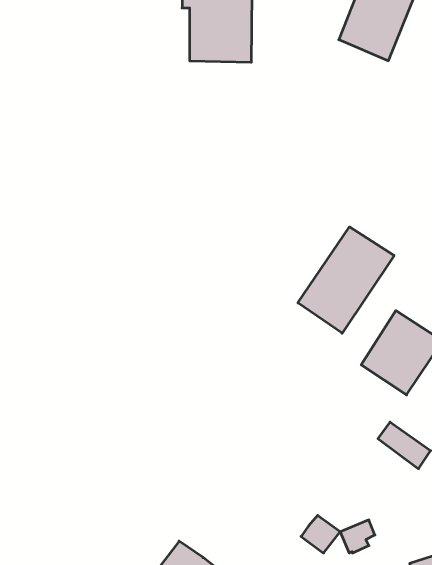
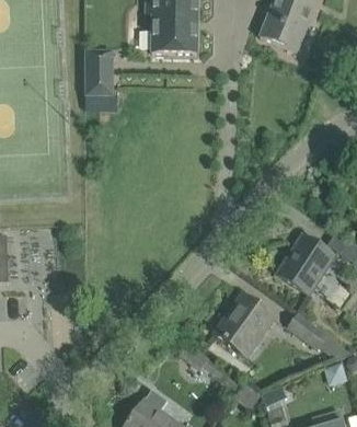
building: none -> [85,51,112,95]
building: [298,227,394,333] -> none
building: none -> [214,295,274,356]

